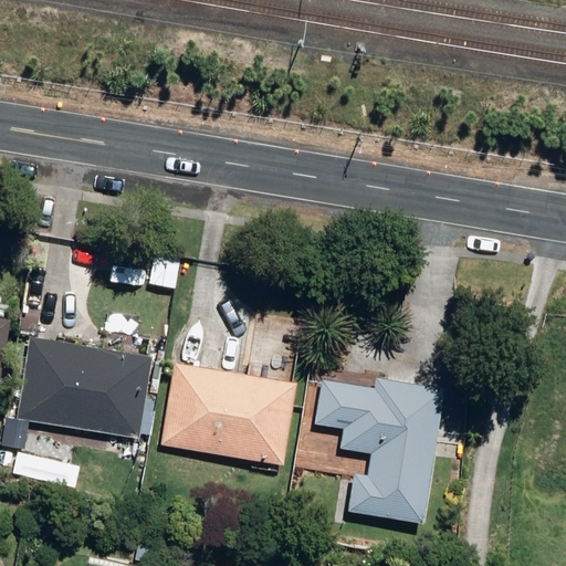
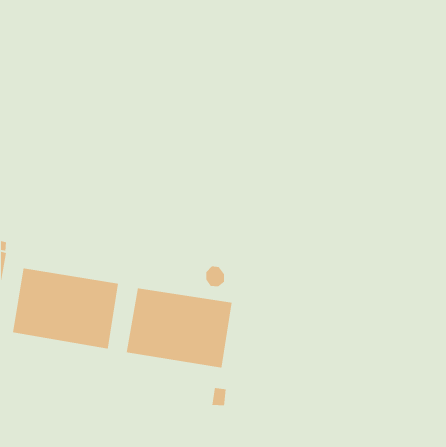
building: [314,377,443,523] -> none

